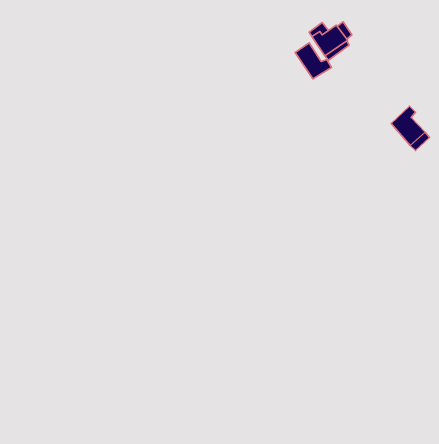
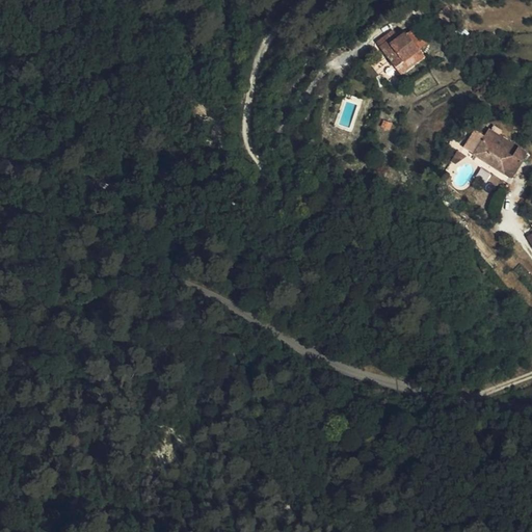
building: [295,43,332,79] -> none

